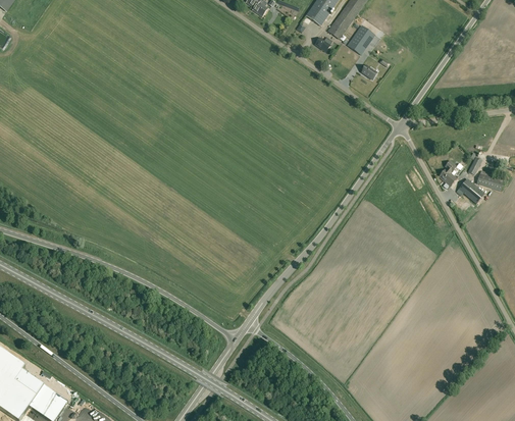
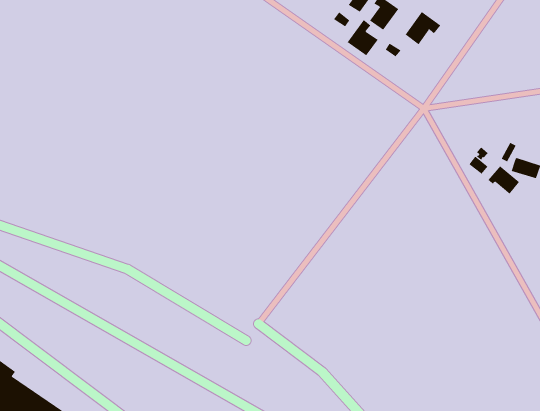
building: none -> [405,11,441,45]
building: none -> [347,19,379,56]

